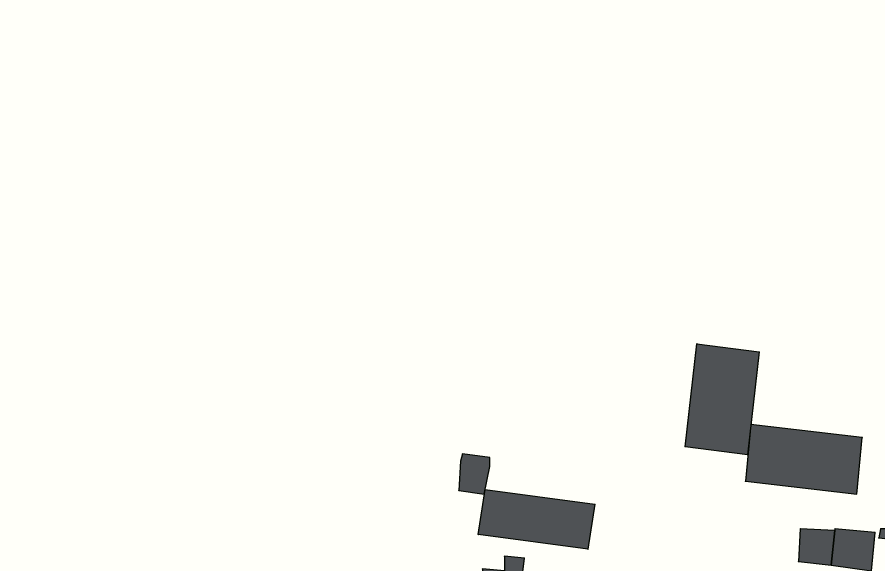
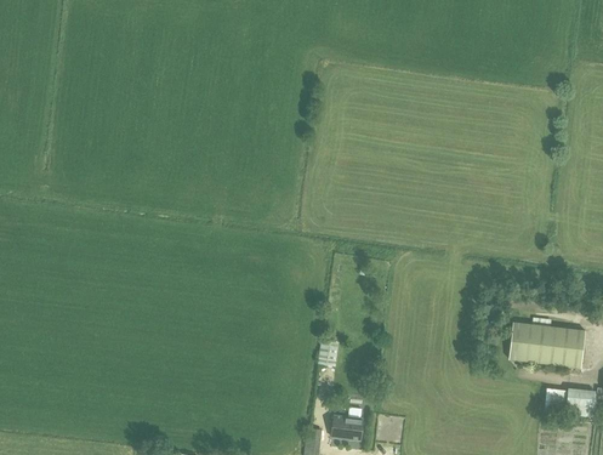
building: [685,344,759,455] -> none
building: [478,490,595,549] -> none

